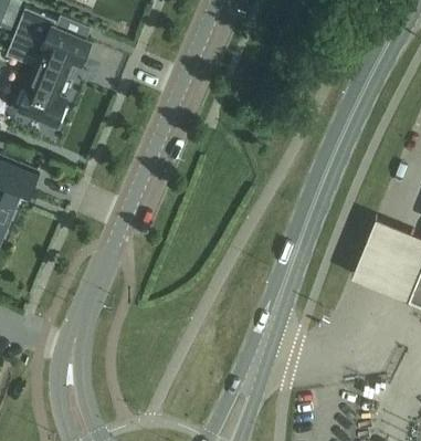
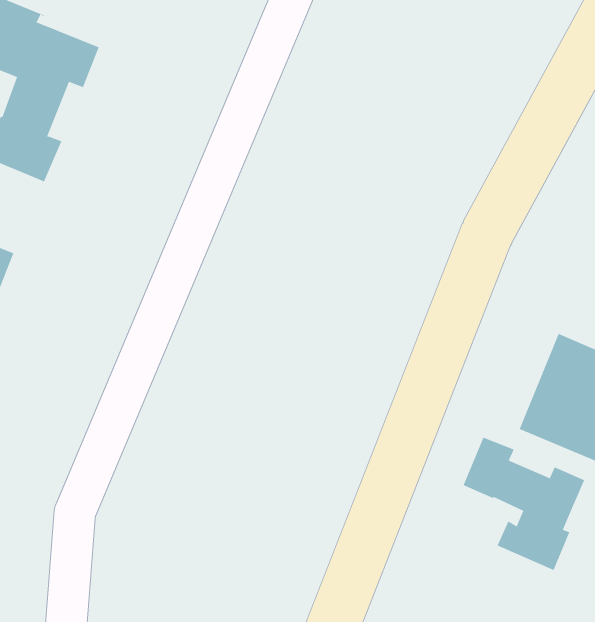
building: none -> [463,437,585,571]

